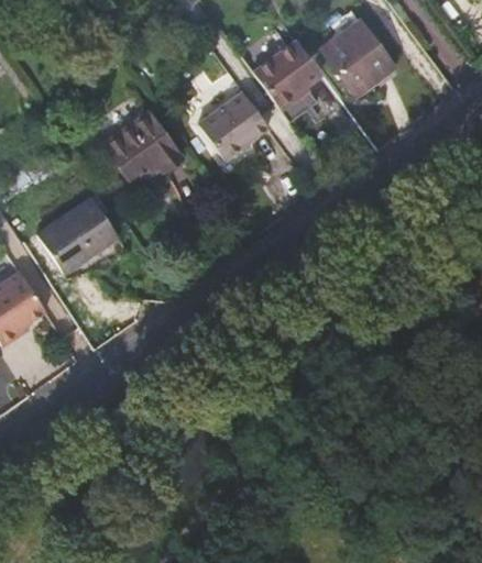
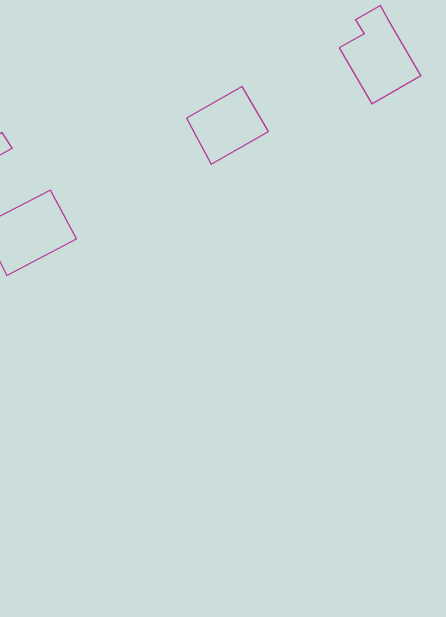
building: [254,41,322,107] -> none
building: [102,111,183,187] -> none

